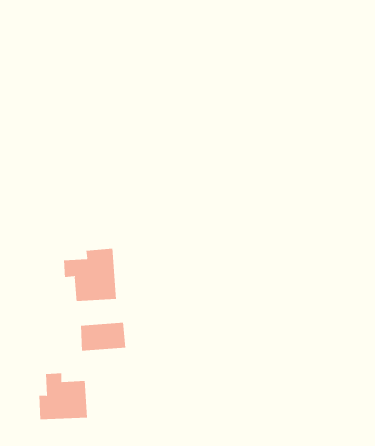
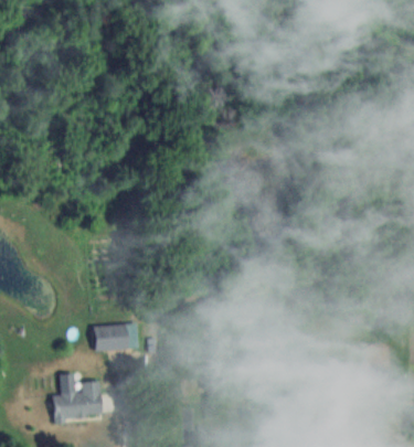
building: [64,248,117,302] -> none

